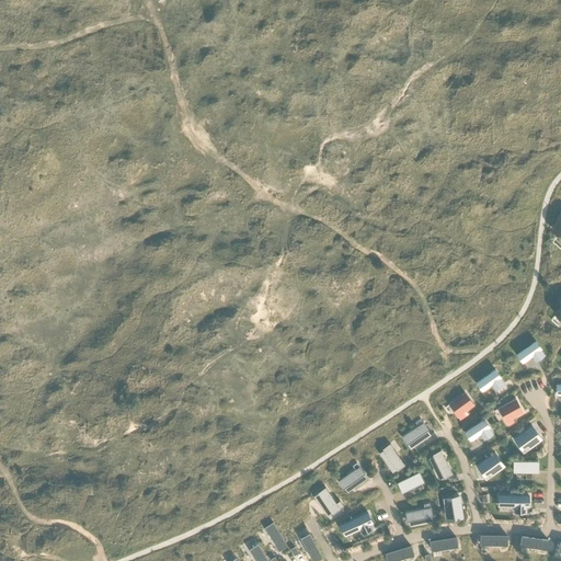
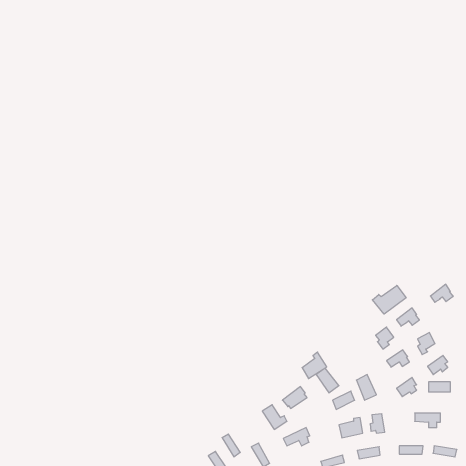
building: none -> [372,285,406,314]
building: [403,417,433,449] -> [302,352,327,379]

